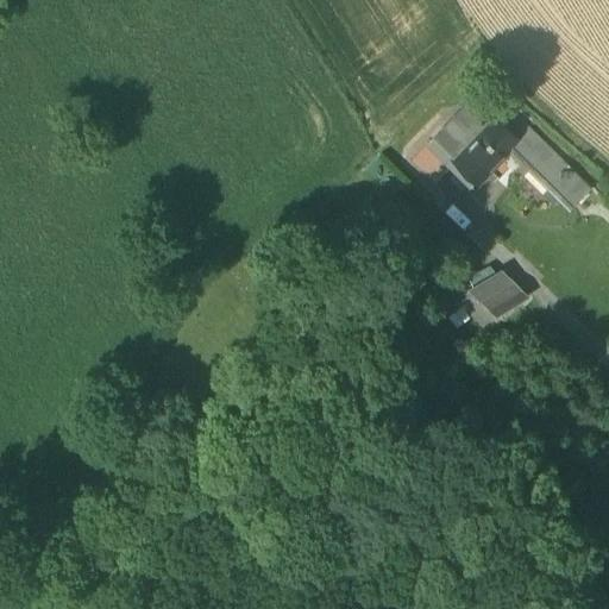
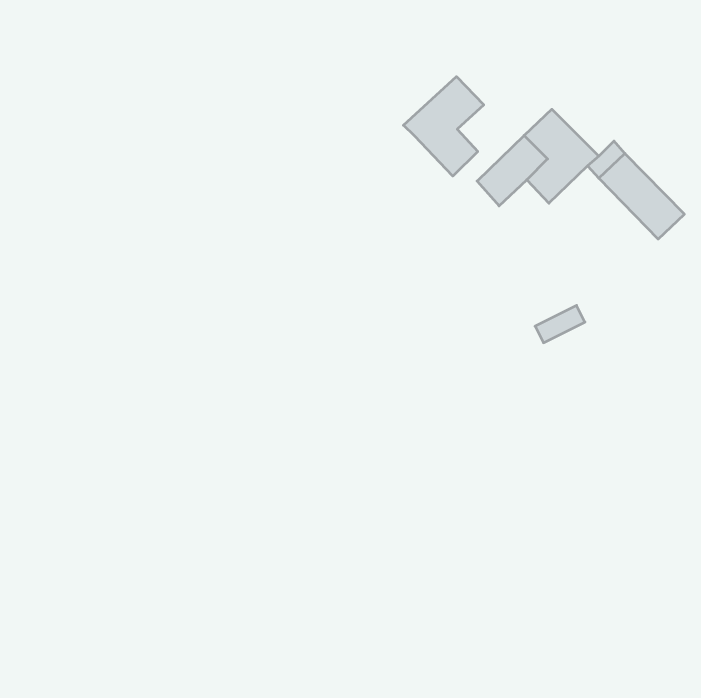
building: none -> [403,77,484,176]
building: [475,282,525,325] -> none

